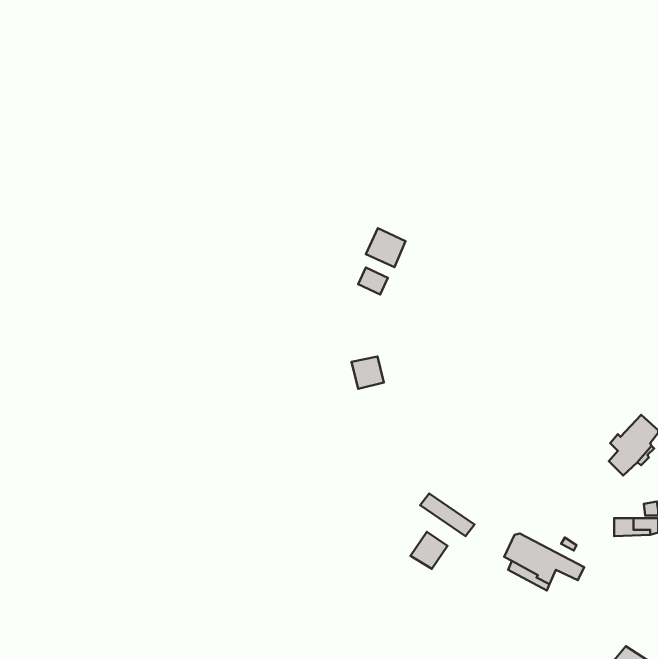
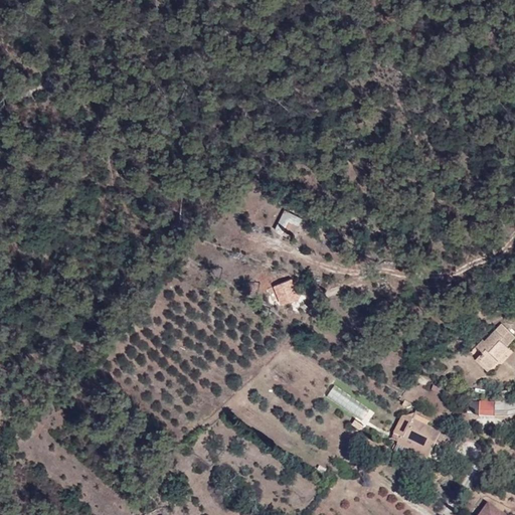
building: [366,228,405,267] -> none
building: [411,532,447,569] -> none

